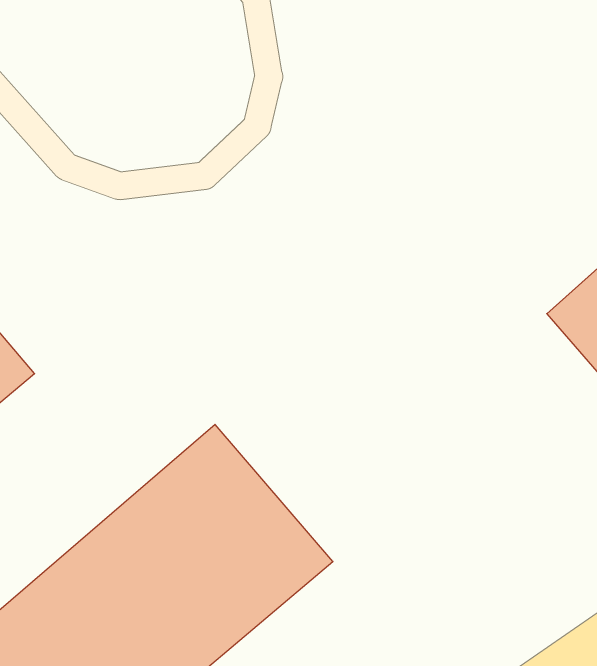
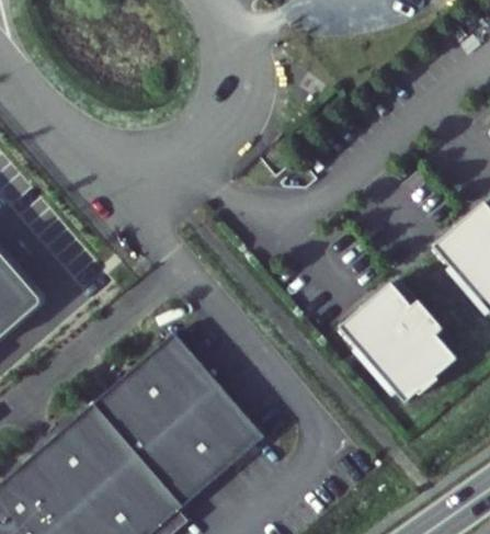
building: none -> [337,286,454,407]

